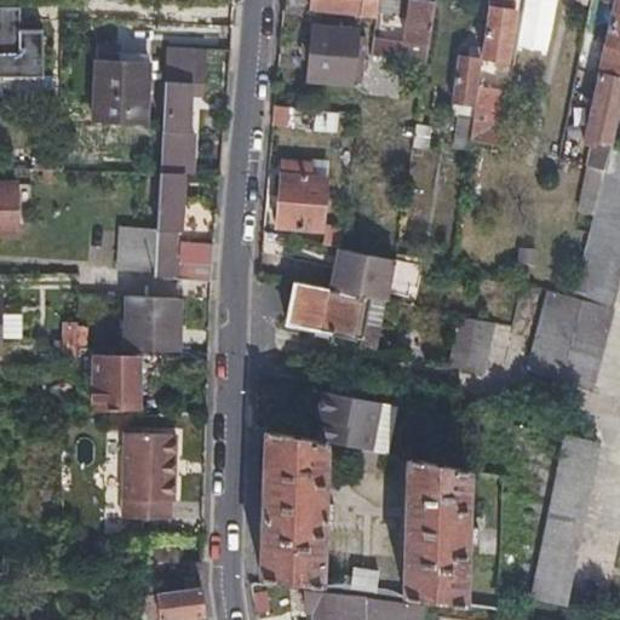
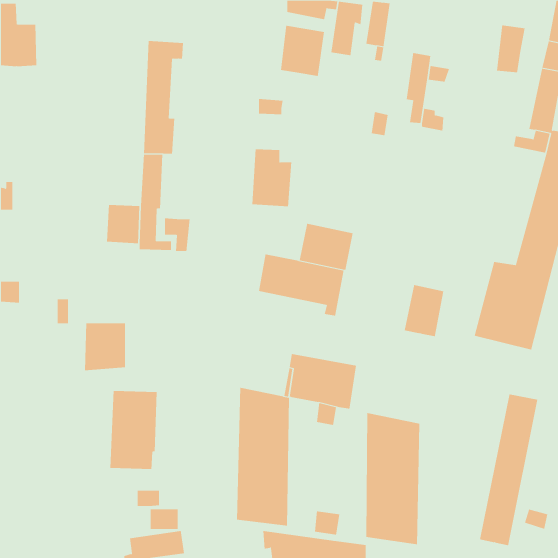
building: [480,8,512,62] -> [496,25,526,73]
building: [92,56,149,122] -> none
building: [125,295,177,352] -> none

